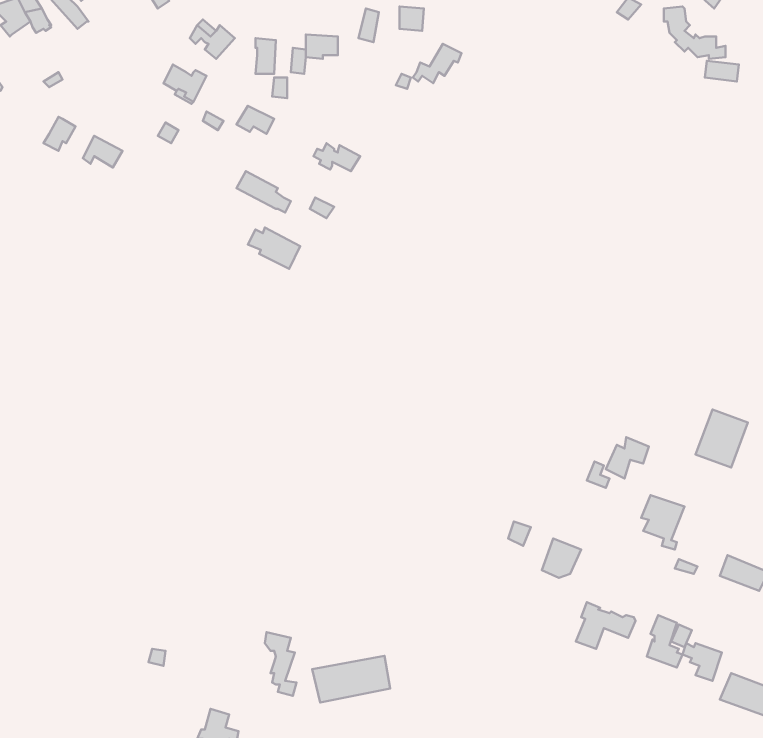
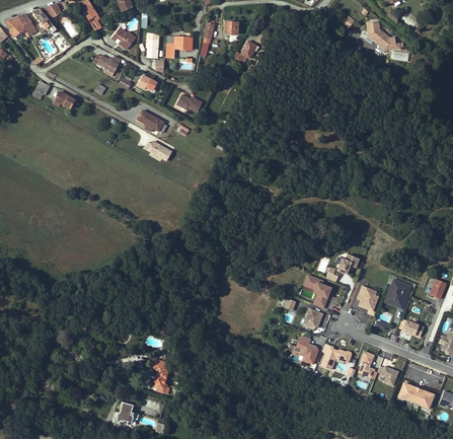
building: [695,410,748,468] -> [384,278,412,309]
building: none -> [303,275,333,308]
building: none -> [290,333,318,367]
building: [312,656,390,703] -> none

